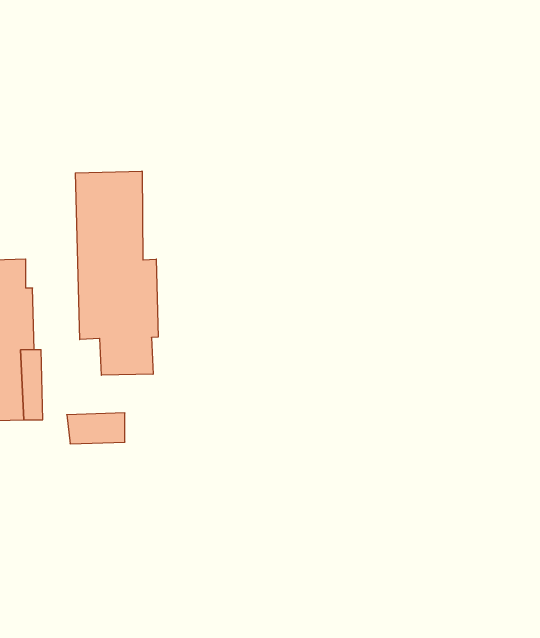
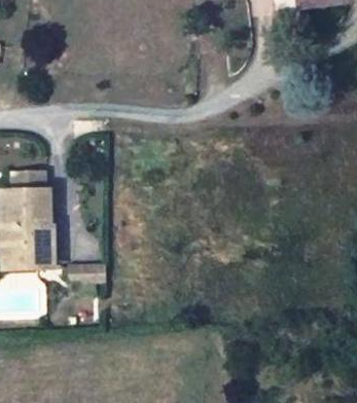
building: [75,171,158,375] -> none

